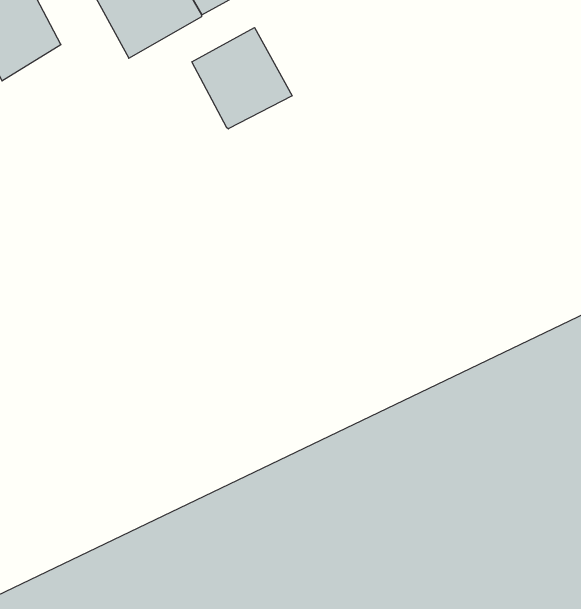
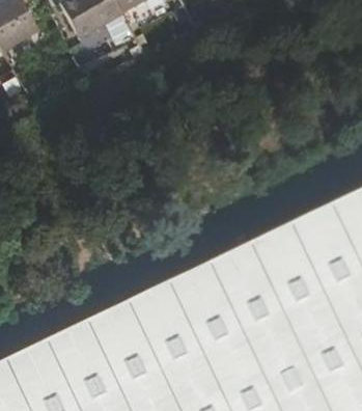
building: [192,28,292,129] -> none

